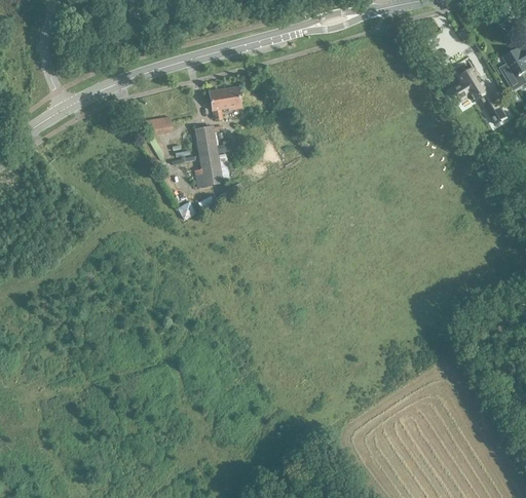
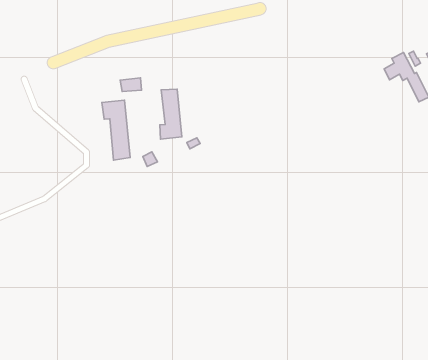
building: [210,86,241,119] -> none
building: none -> [102,100,130,160]

